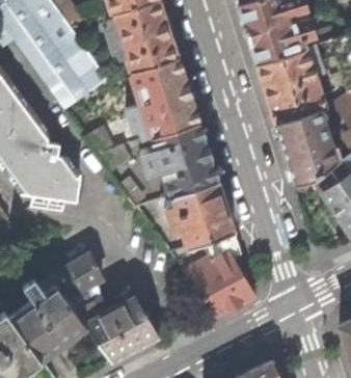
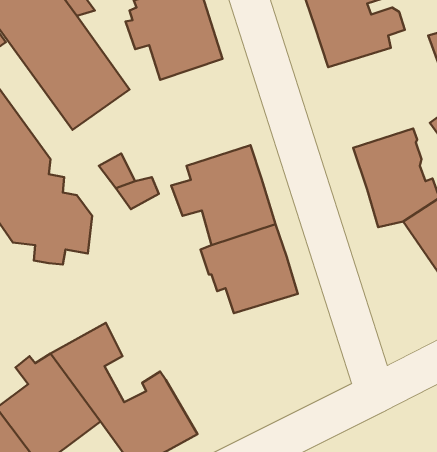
building: [256,46,324,124] -> none
building: [126,57,198,139] -> none
building: [170,233,254,318] -> none

